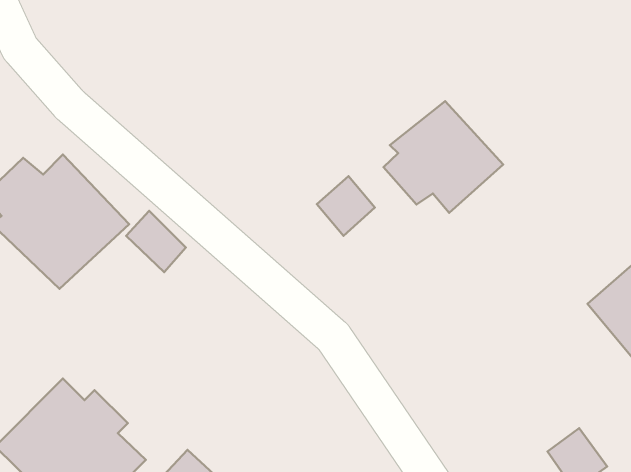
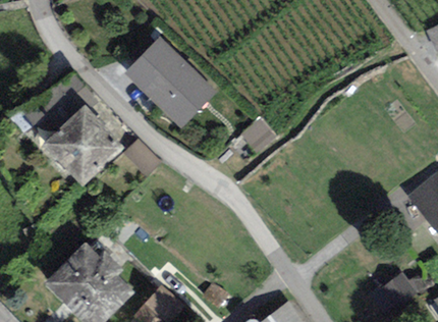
building: none -> [124,36,215,126]
building: [383,101,503,213] -> none

